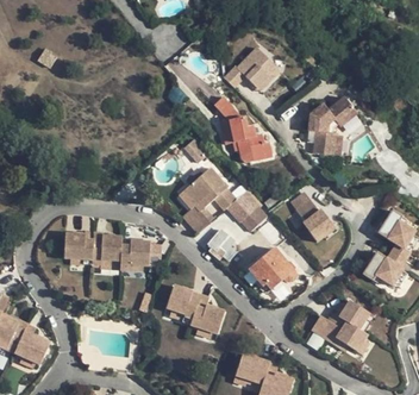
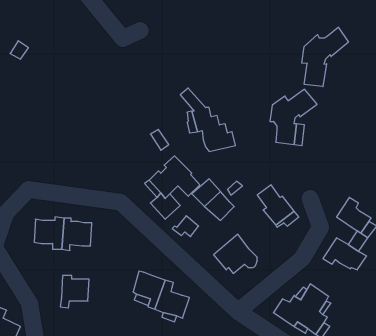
building: none -> [302,27,348,87]
building: [221,46,281,92] -> none
building: [120,237,150,270] -> [60,276,89,308]

